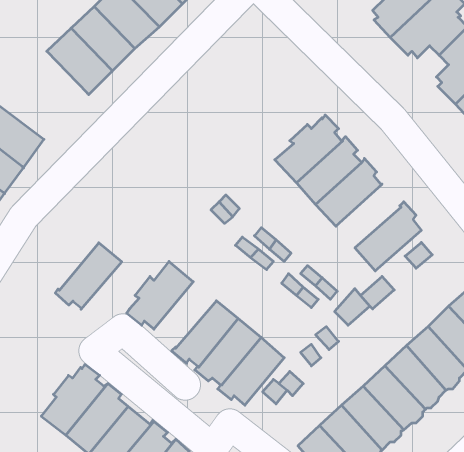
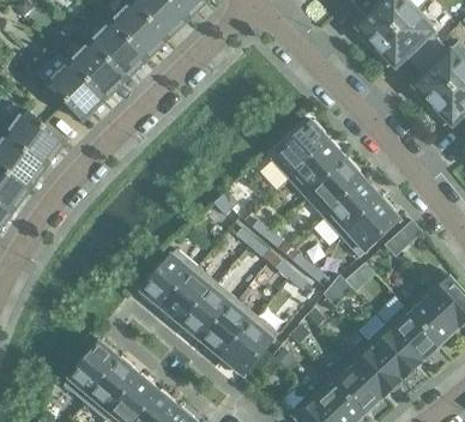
building: none -> [47,62,105,121]
building: none -> [324,176,381,236]
building: [55,243,122,309] -> [159,266,218,325]

